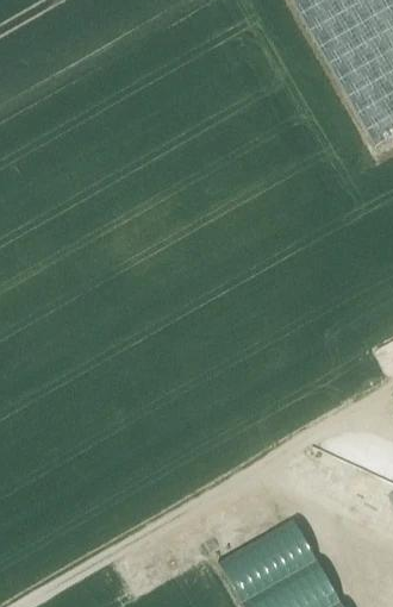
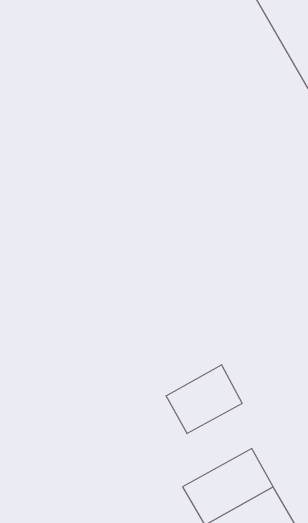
building: none -> [166,365,242,434]

